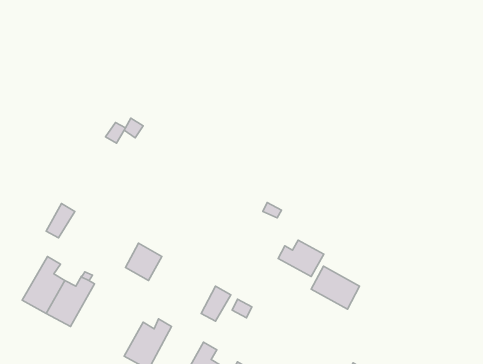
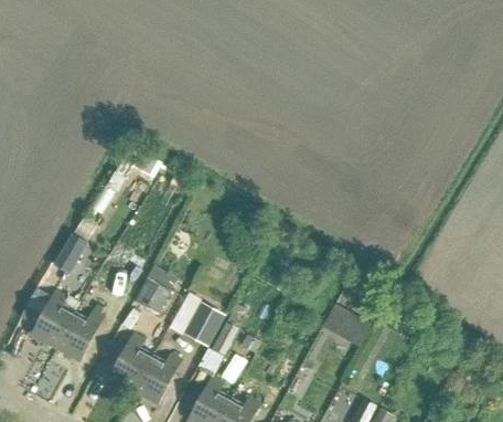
building: [278,240,324,277] -> none
building: none -> [183,302,224,346]
building: none -> [108,331,151,390]

